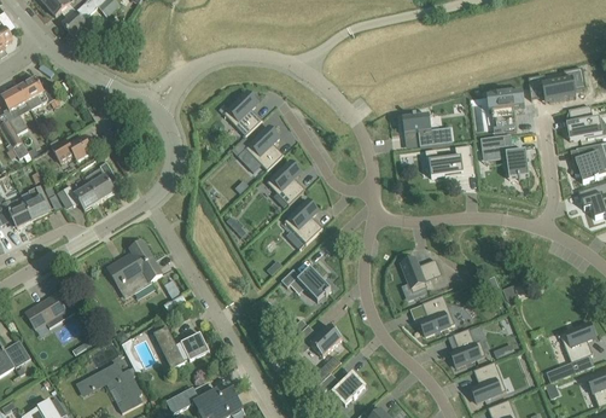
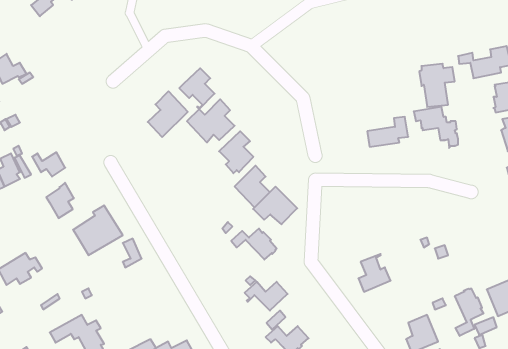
building: [401,115,443,146] -> none
building: none -> [148,91,188,137]
building: [49,137,91,163] -> none
building: [85,162,115,201] -> [46,183,74,218]
building: none -> [253,187,297,224]
building: [400,257,441,294] -> none
building: [153,327,208,368] -> none
building: [449,329,484,367] -> none
building: none -> [455,288,483,336]

